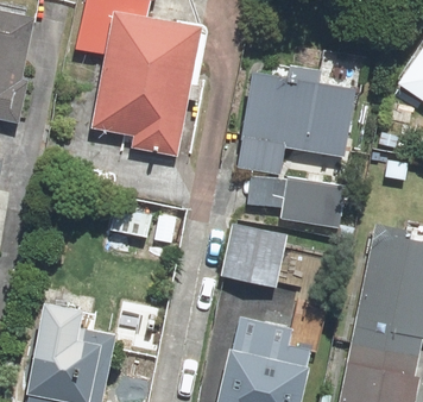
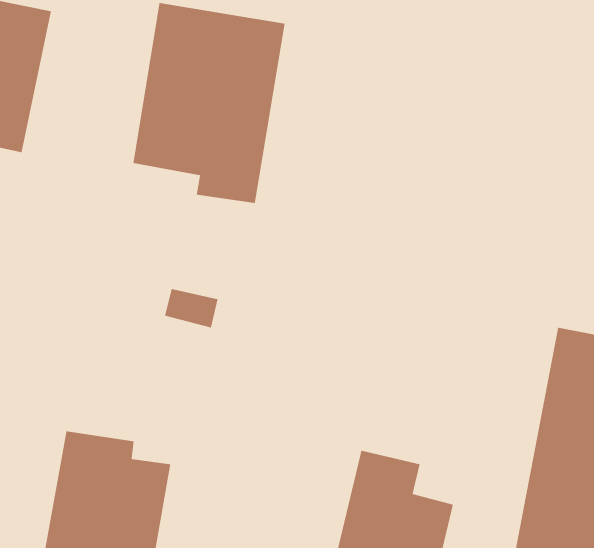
building: [241,78,352,169] -> none
building: [251,176,347,224] -> none
building: [227,227,282,282] -> none

